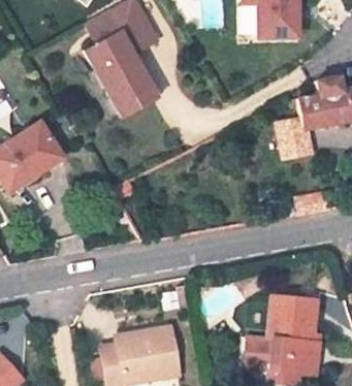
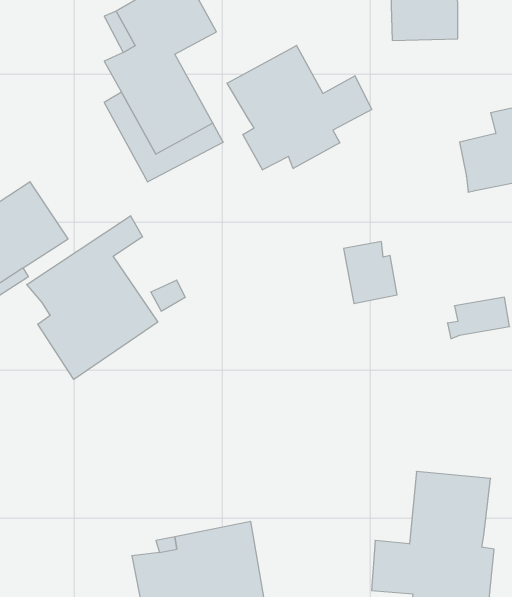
building: none -> [227,45,372,170]
building: [280,119,312,156] -> [344,242,397,304]
building: none -> [27,216,158,379]

